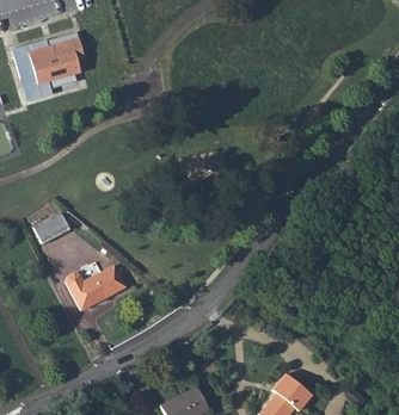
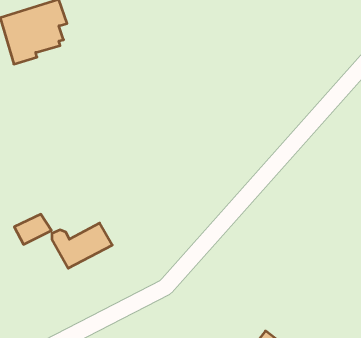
building: [32,212,70,243] -> [14,214,51,244]

